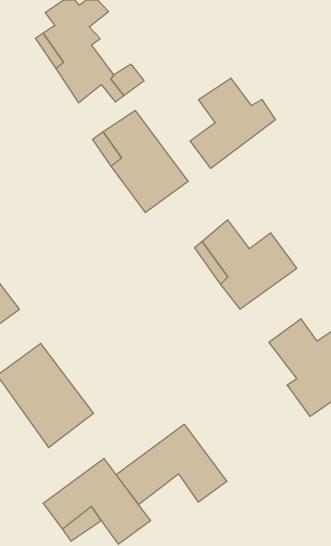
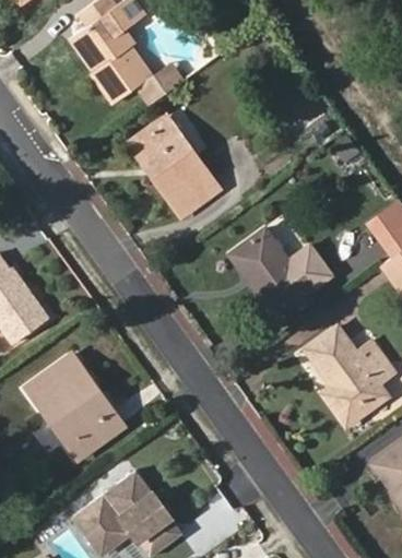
building: [190,78,275,168] -> none
building: [116,424,227,504] -> none

